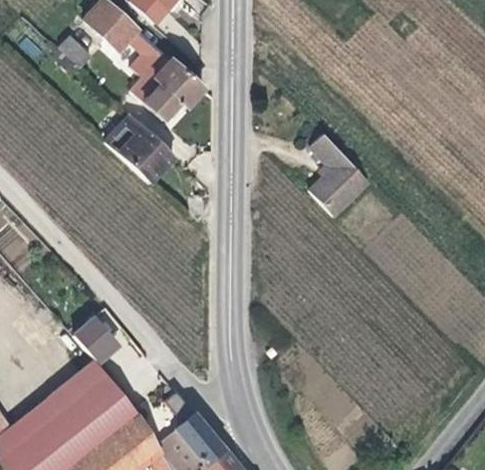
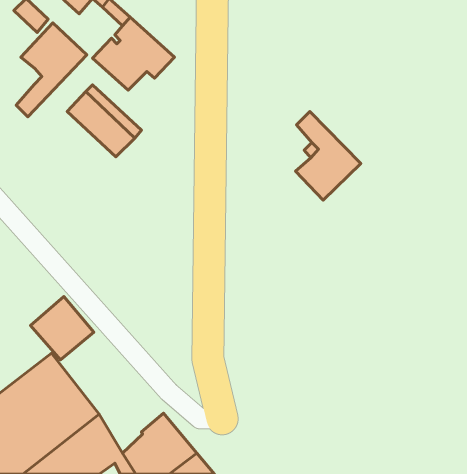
building: none -> [16,23,87,117]

